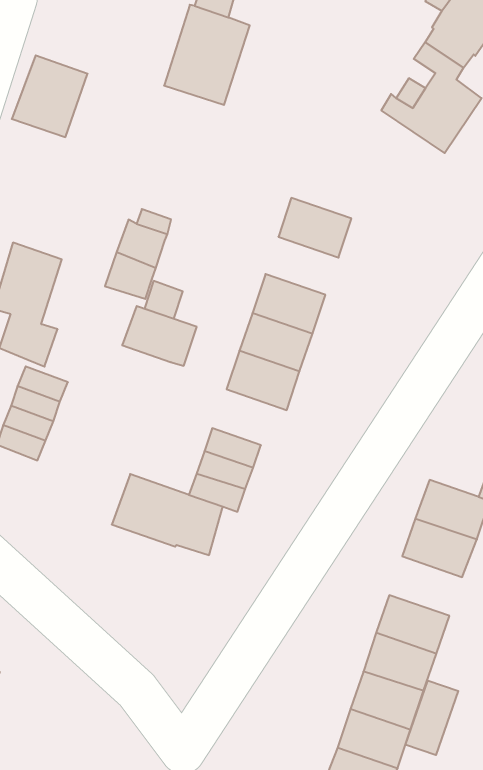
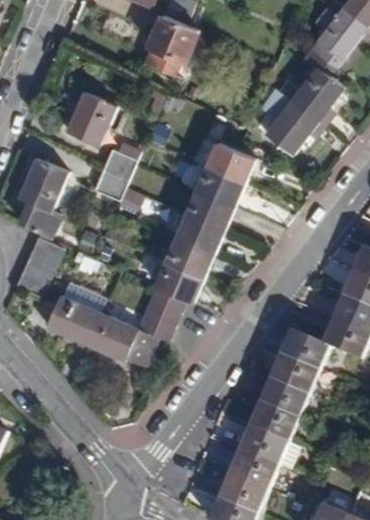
building: [12,55,88,137] -> [65,90,116,144]
building: none -> [264,89,317,153]
building: none -> [196,166,244,205]
building: [122,306,197,366] -> [155,261,203,302]
building: none -> [47,295,100,342]
building: none -> [260,377,308,417]
building: [406,680,458,755] -> none

